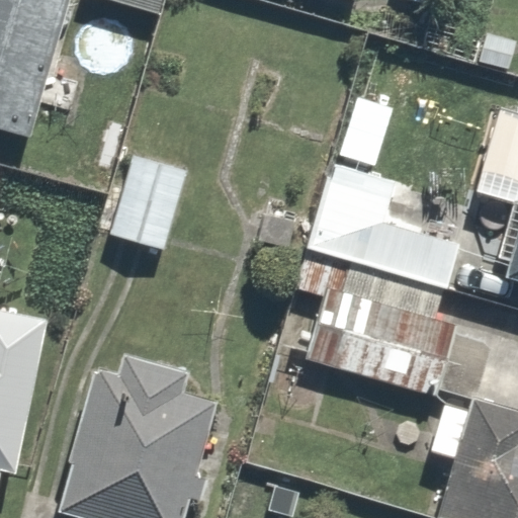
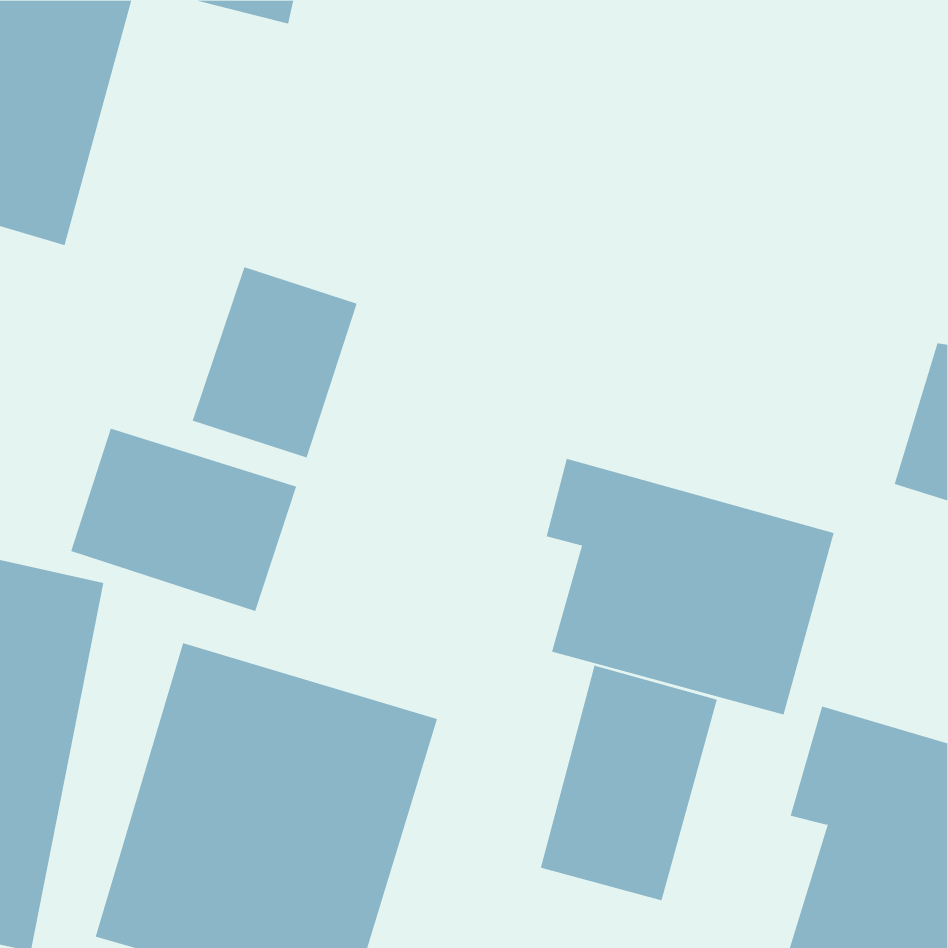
building: [308,169,467,291] -> none
building: none -> [70,428,297,612]
building: none -> [540,665,718,901]

